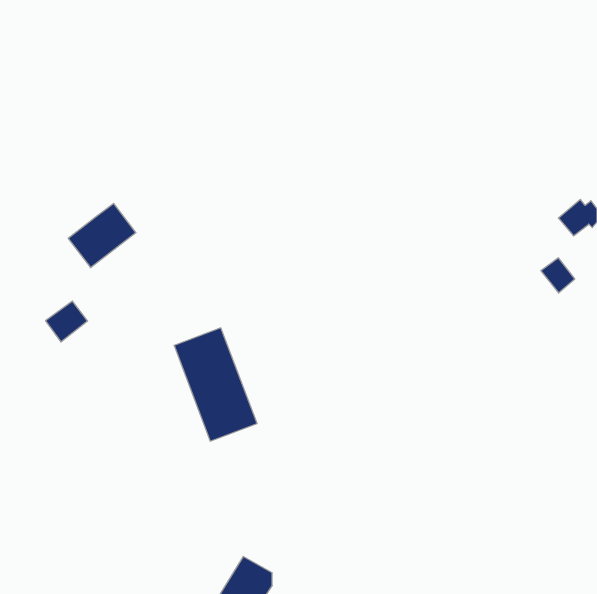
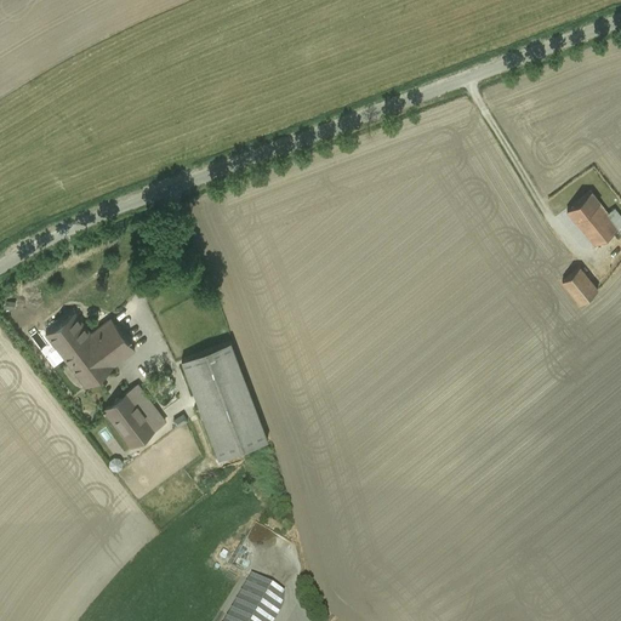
building: none -> [566,194,603,229]
building: [68,203,136,268] -> [63,321,133,388]
building: none -> [103,387,164,449]

